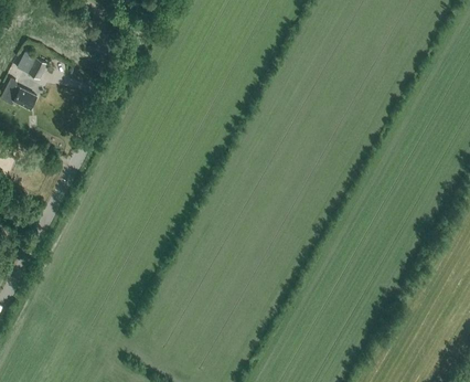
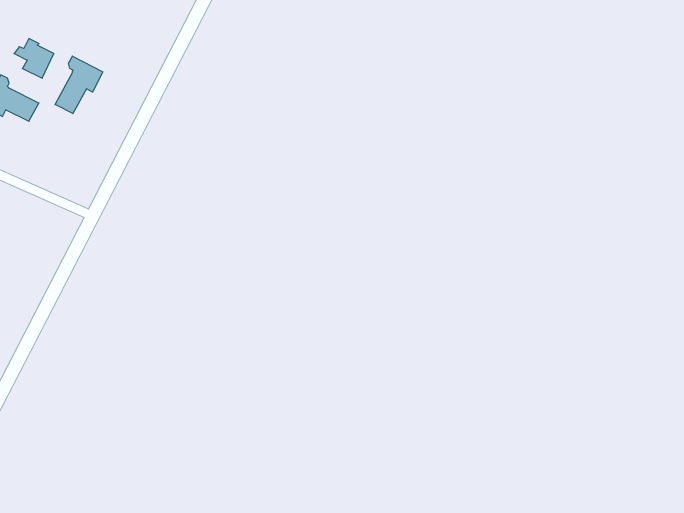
building: none -> [55,56,103,114]

